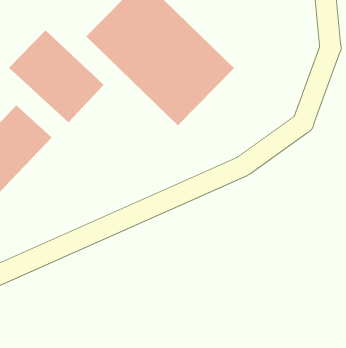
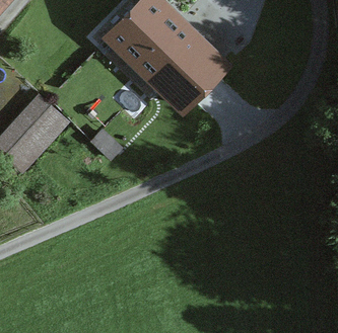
building: [8,29,105,123] -> none

